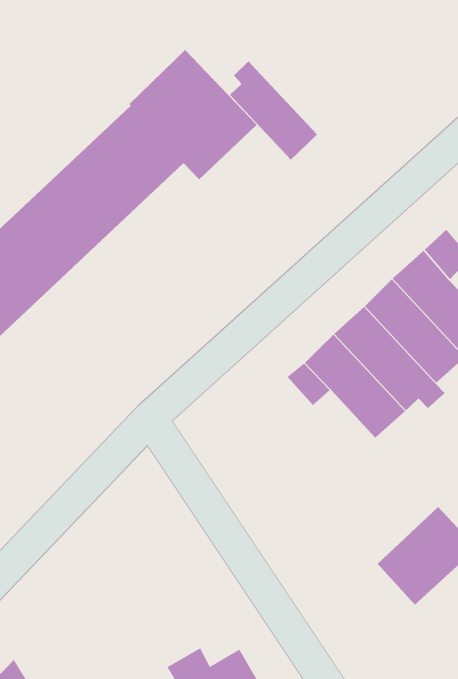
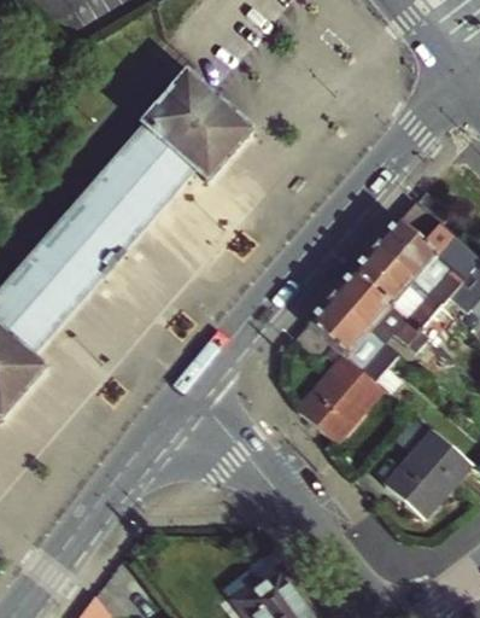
building: [229,60,318,160] -> none
building: none -> [300,354,382,437]

